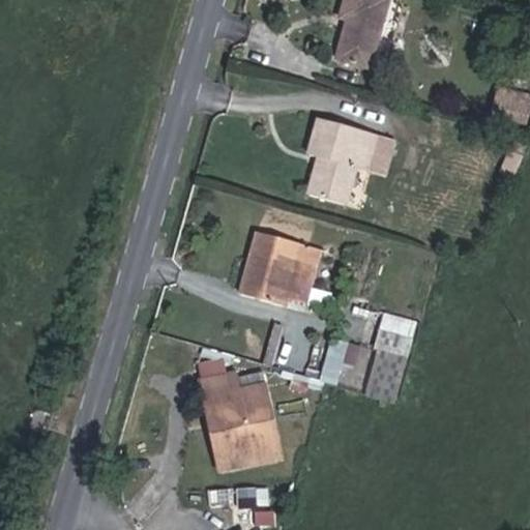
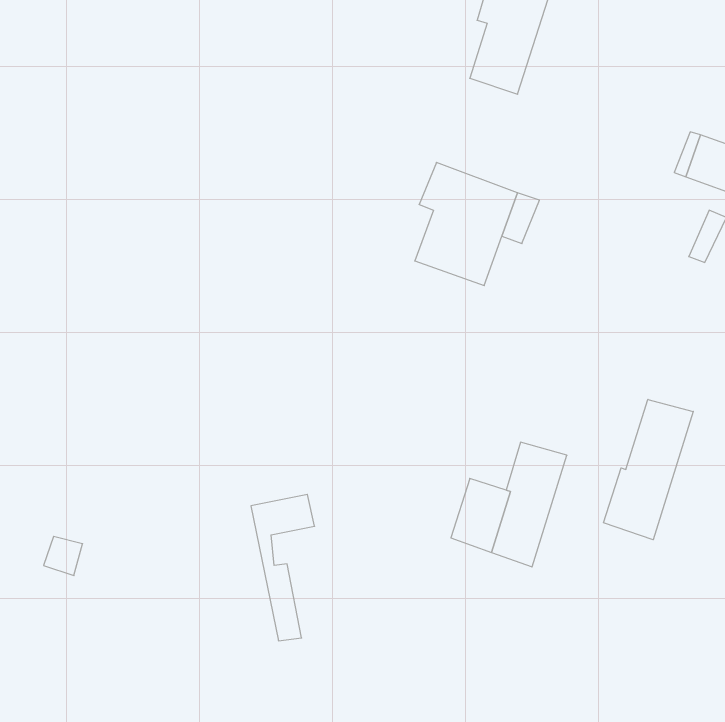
building: [236,225,306,304] -> none
building: none -> [604,399,693,540]
building: [205,372,276,455] -> none

